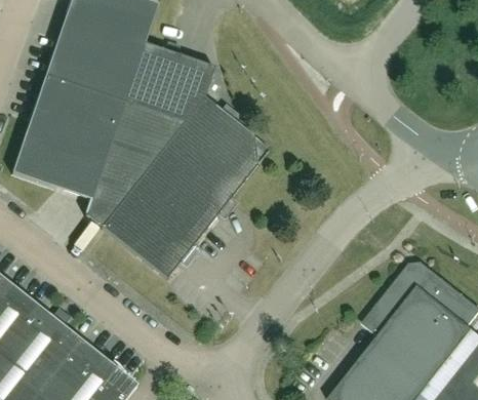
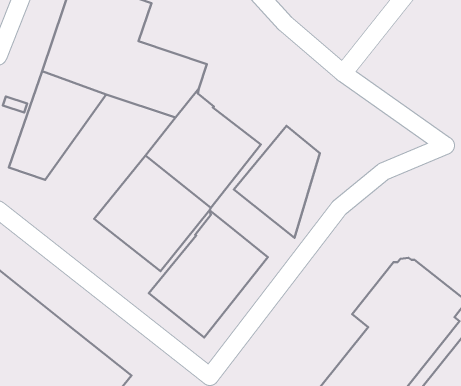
building: [48,97,182,225] -> none
building: none -> [234,126,320,238]
building: none -> [149,210,268,337]

